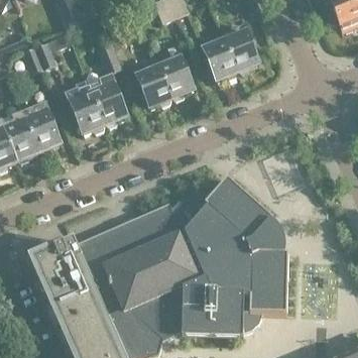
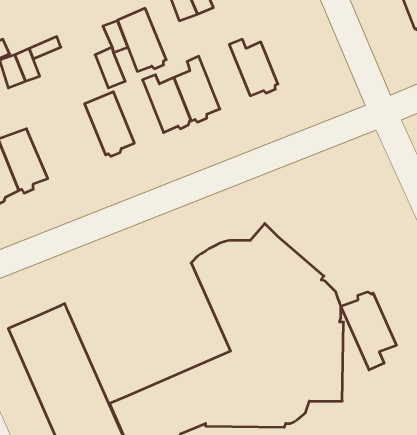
building: [225,23,259,73] -> none
building: [69,86,106,134] -> [118,8,166,71]
building: [77,203,202,316] -> none
building: none -> [341,292,396,370]

